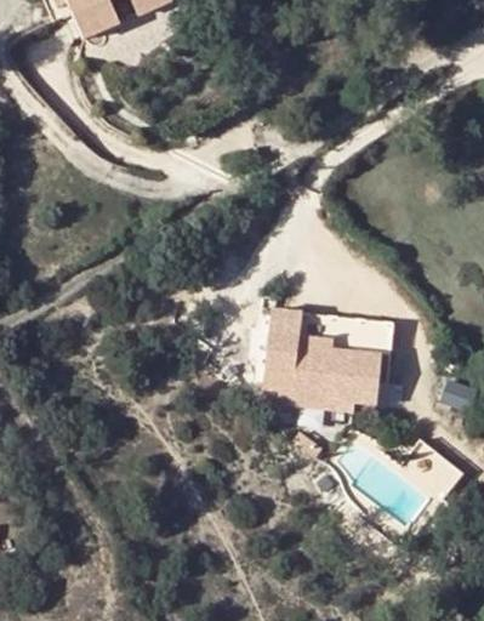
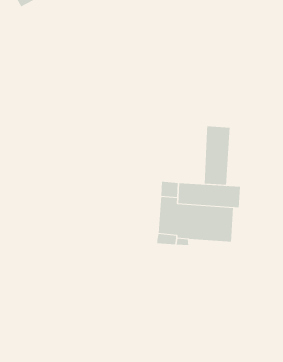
building: none -> [204,126,230,186]

